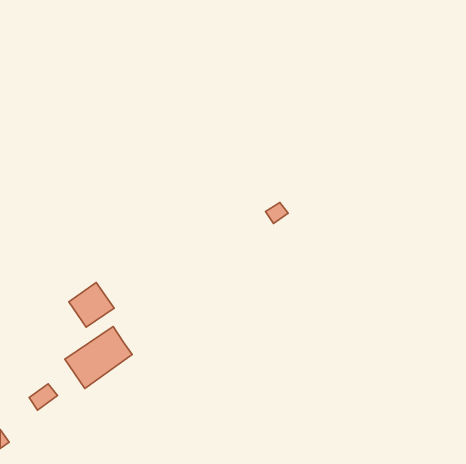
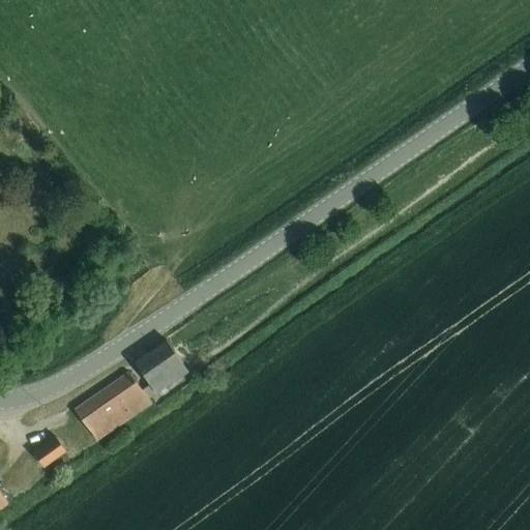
building: [69,283,114,327] -> [135,341,186,391]

